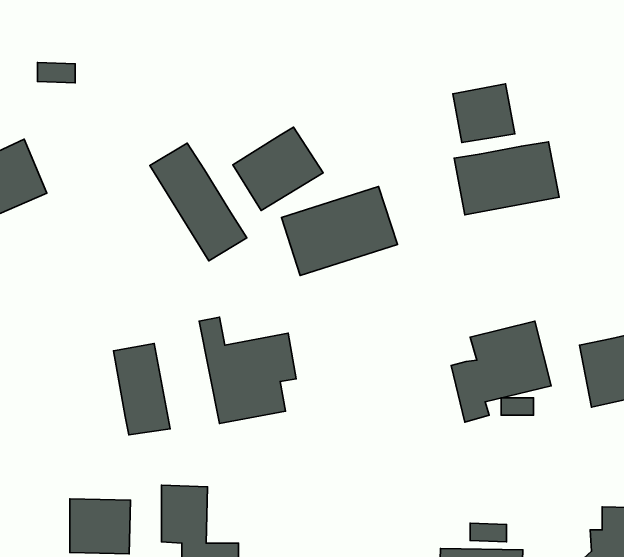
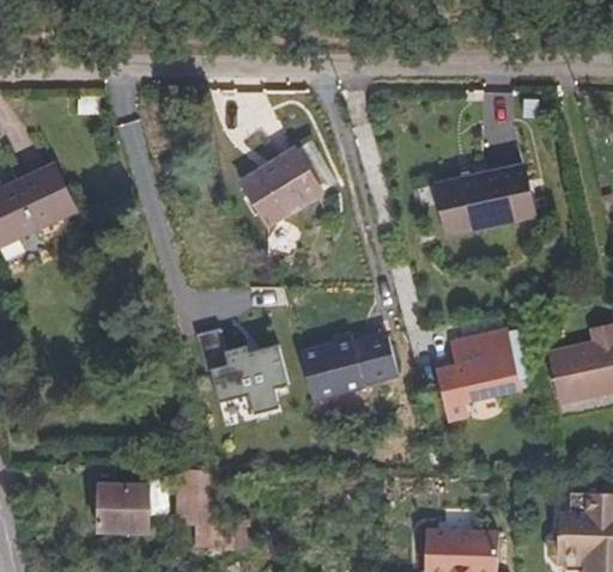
building: [453,84,515,142] -> none
building: [150,143,247,261] -> none
building: [281,187,397,276] -> [304,321,407,400]
building: [113,343,170,435] -> none

